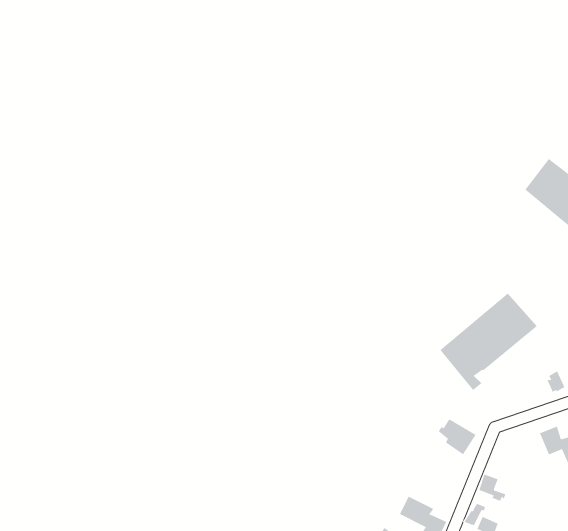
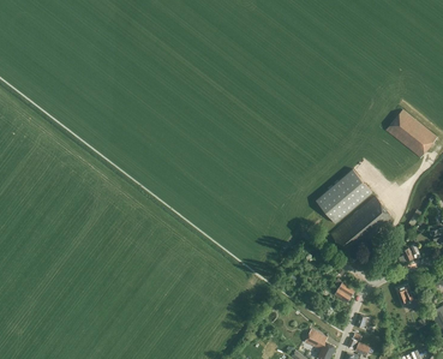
building: none -> [317,169,372,223]

